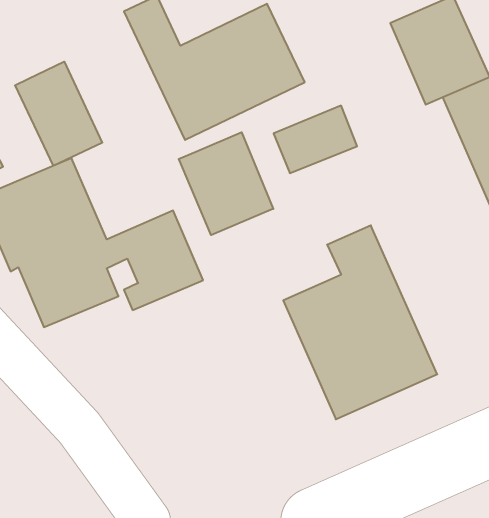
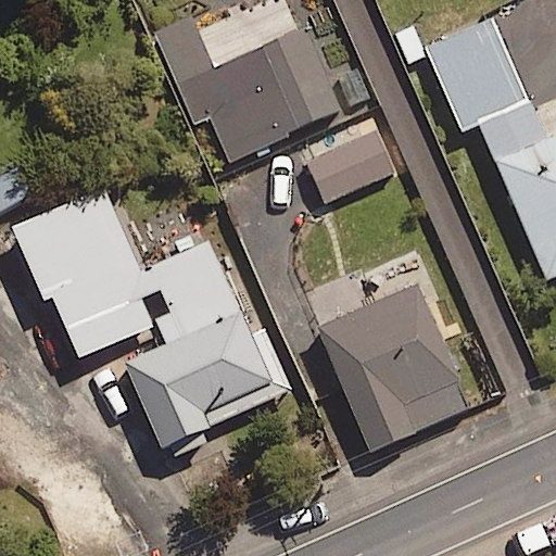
building: [15,62,102,166] -> none
building: [179,132,273,235] -> none
building: none -> [123,309,291,443]

